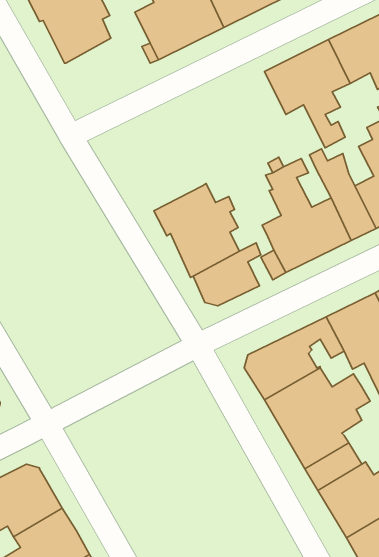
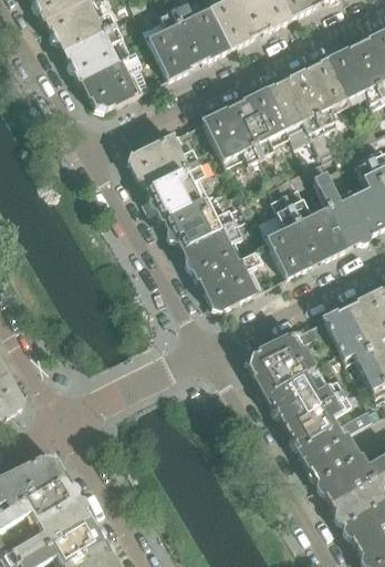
building: none -> [81,53,142,109]
building: none -> [202,89,285,166]
building: none -> [131,132,208,219]

